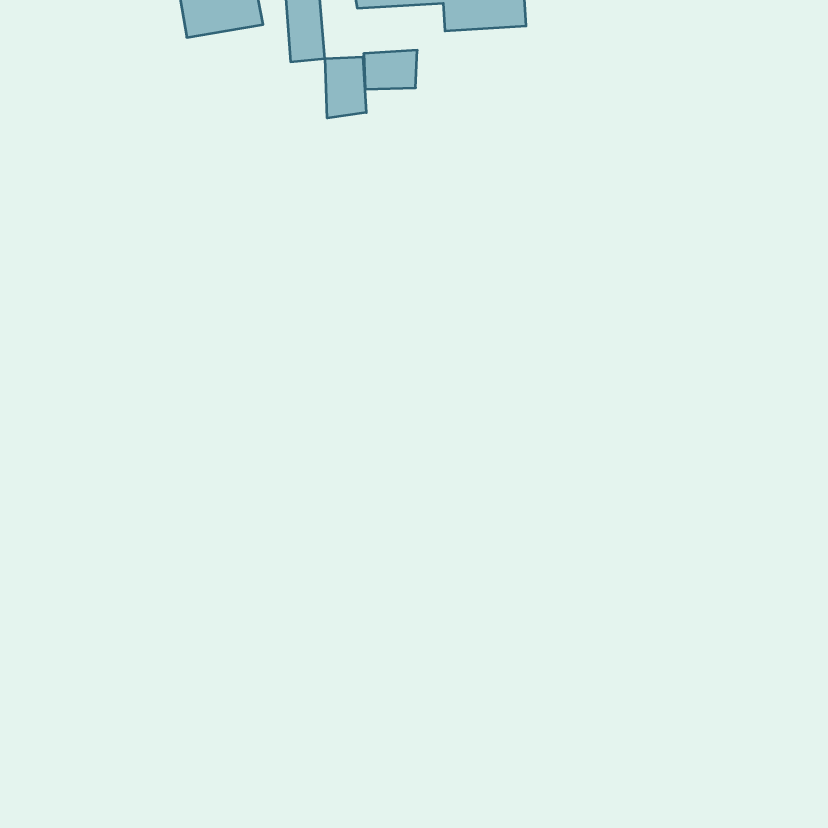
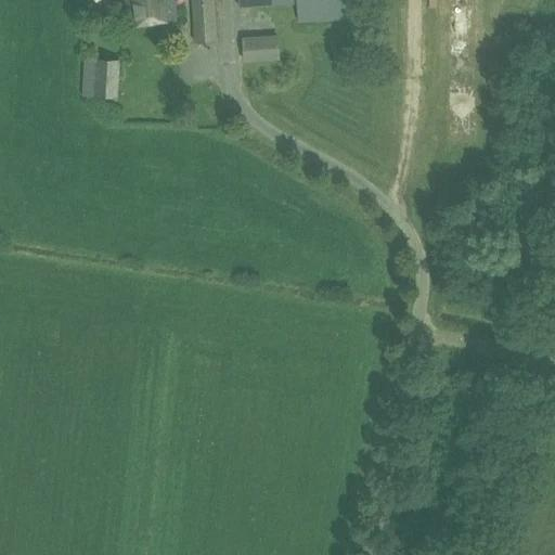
building: [325,57,366,118] -> none
building: none -> [81,57,119,96]

